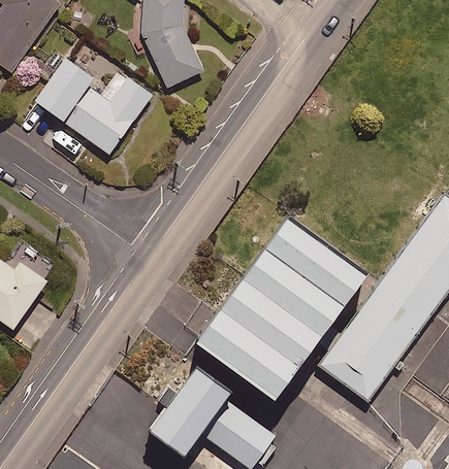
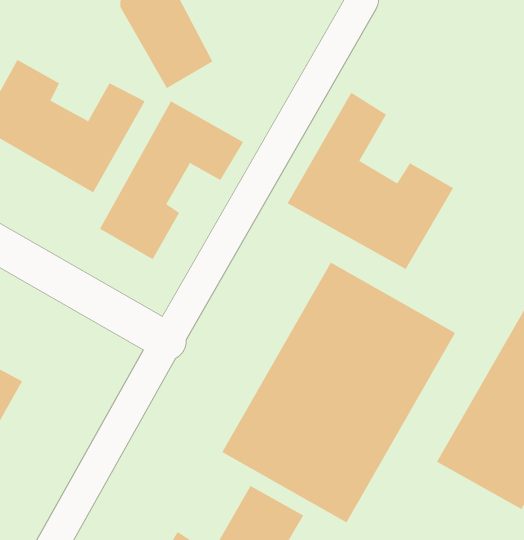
building: none -> [99,100,244,260]
building: none -> [287,92,454,270]

